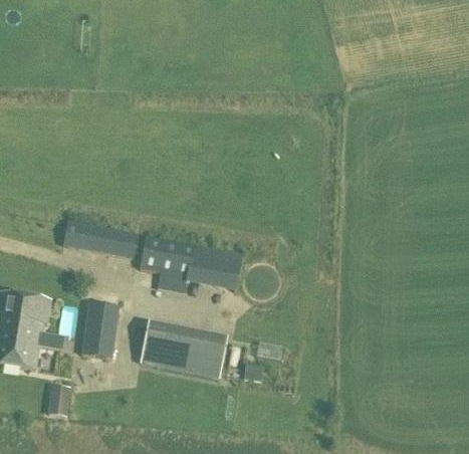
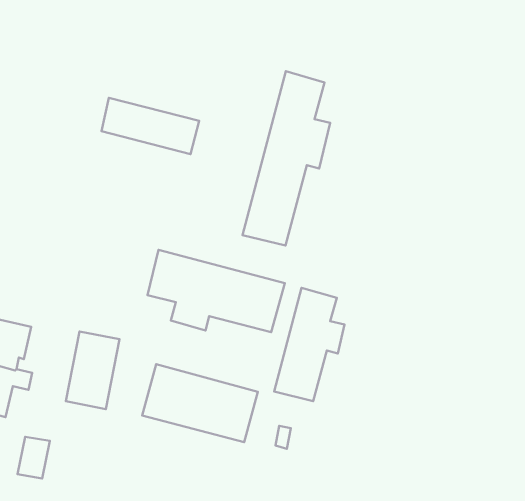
building: none -> [243,71,330,245]
building: [62,219,137,258] -> [101,98,199,154]
building: none -> [274,288,345,401]

